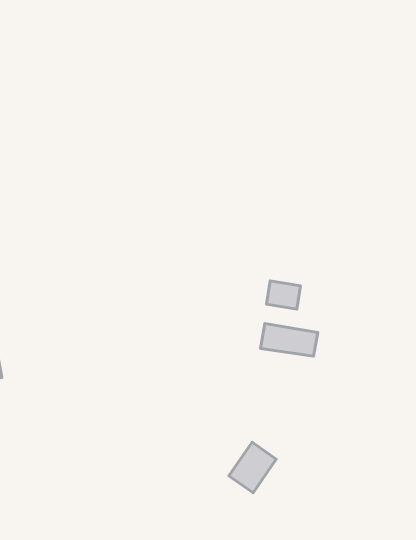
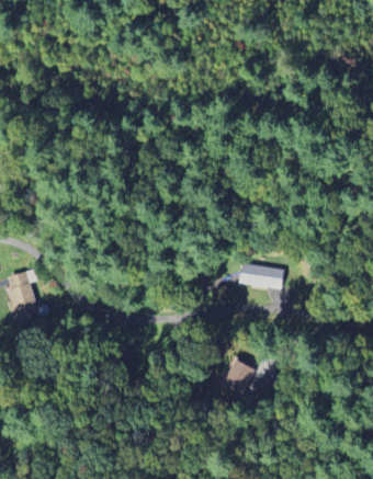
building: [266,281,301,309] -> none

